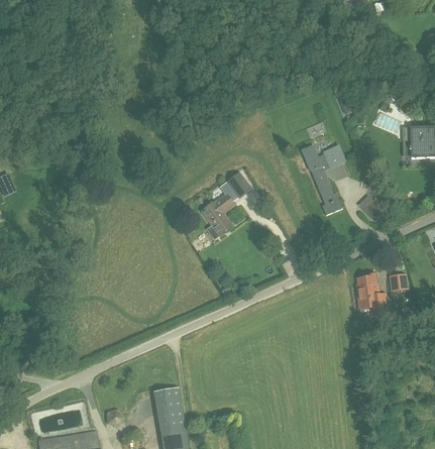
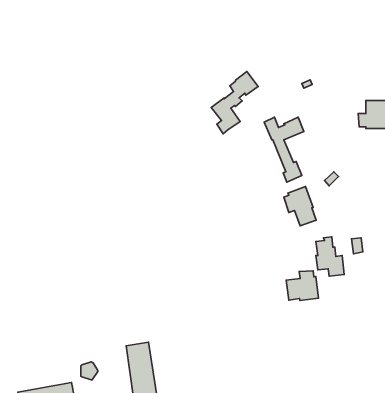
building: [201,173,251,239] -> [211,72,258,134]
building: none -> [284,187,316,226]
building: none -> [286,271,318,300]

